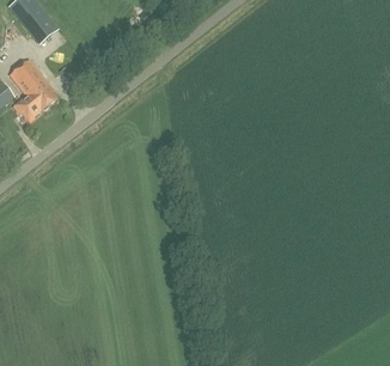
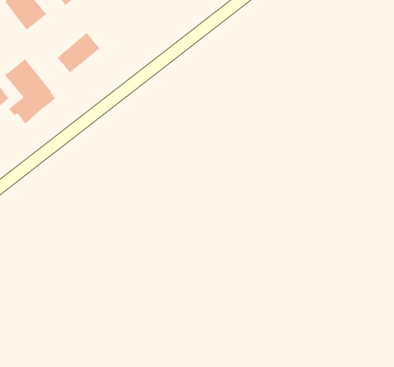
building: none -> [57,32,101,73]

